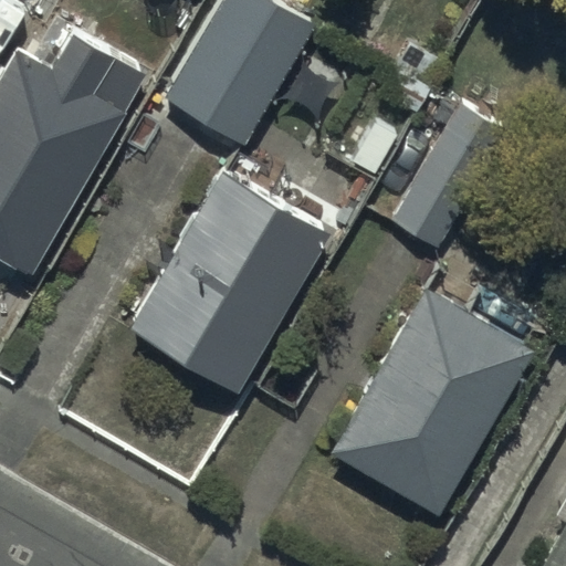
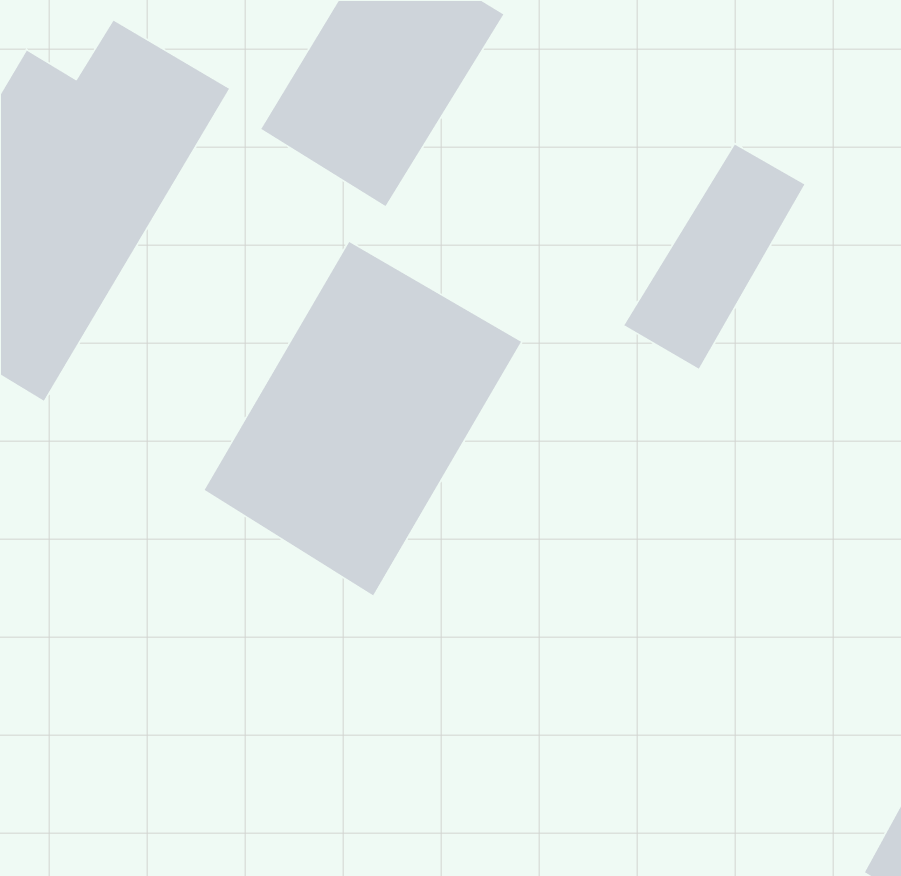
building: [329,283,533,510] -> none

